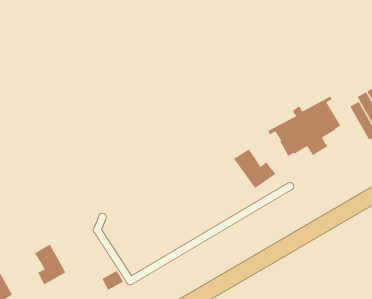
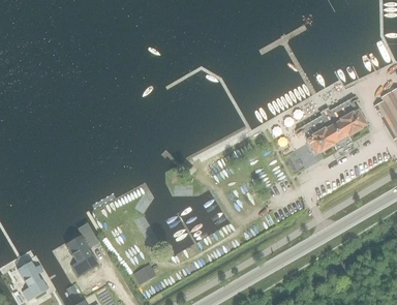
building: [233,148,276,189] -> none

